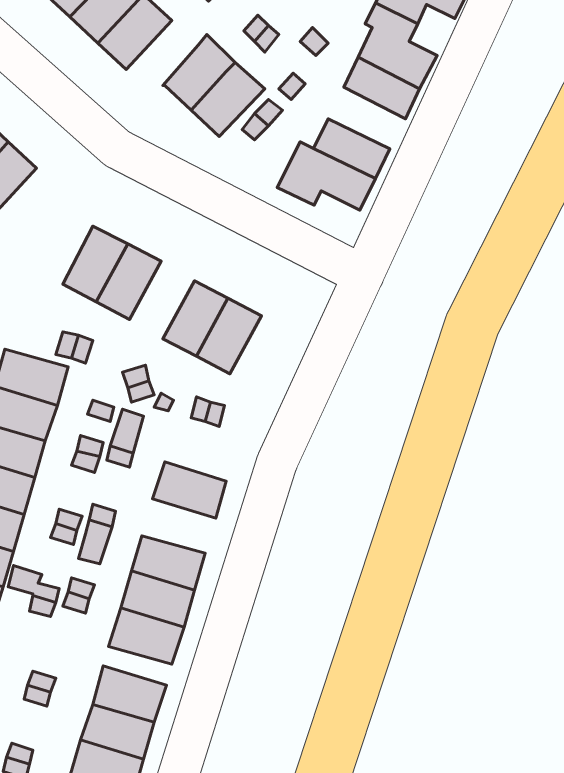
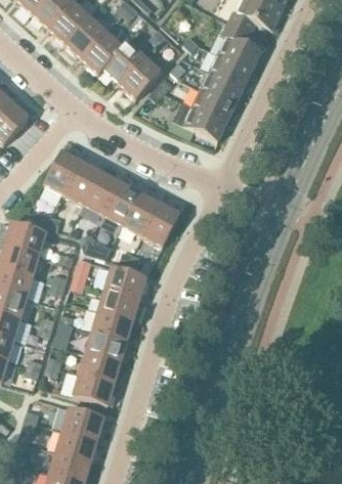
building: none -> [81,31,123,75]
building: none -> [199,70,244,105]
building: none -> [83,171,121,216]
building: none -> [141,203,179,247]
building: none -> [103,266,146,299]
building: none -> [90,309,133,341]

